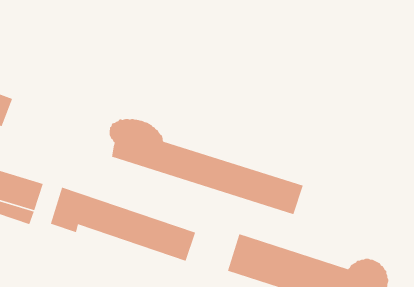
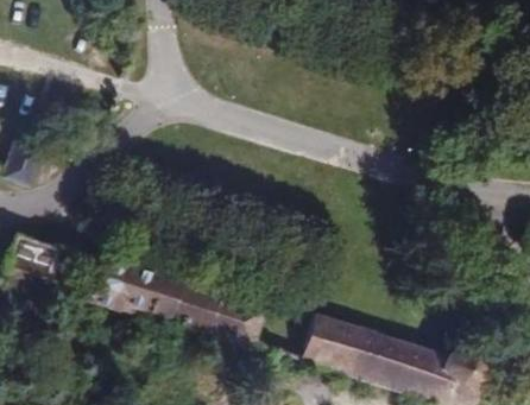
building: [109,118,304,215] -> none

